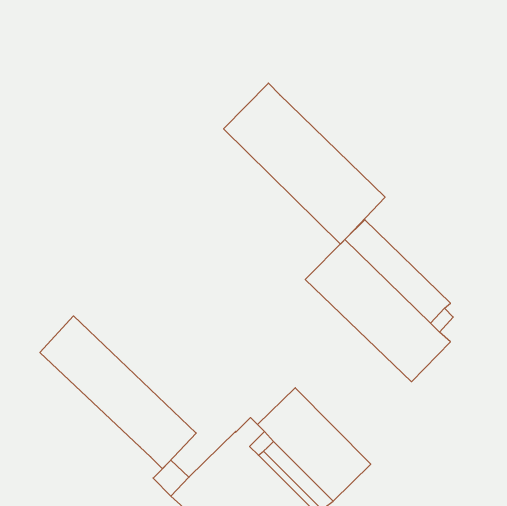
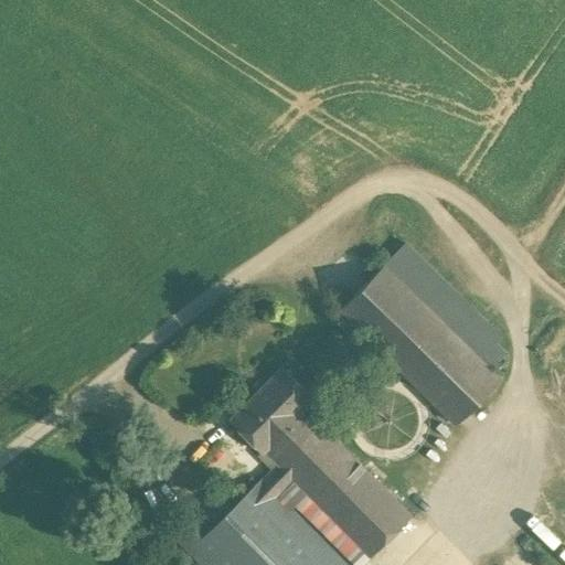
building: [224,83,385,244] -> none
building: [40,316,196,469] -> none
building: none -> [231,370,329,473]

